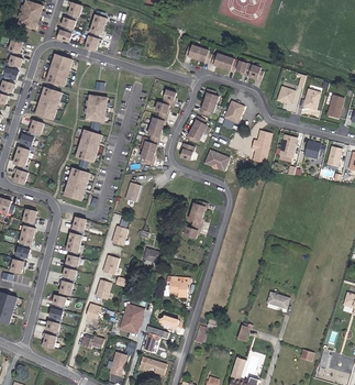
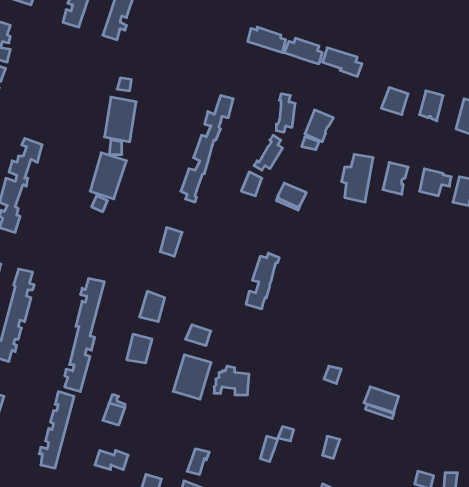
building: [45,53,70,86] -> none
building: [34,86,60,119] -> none
building: [65,167,90,199] -> none
building: [119,302,145,333] -> [173,355,211,399]

